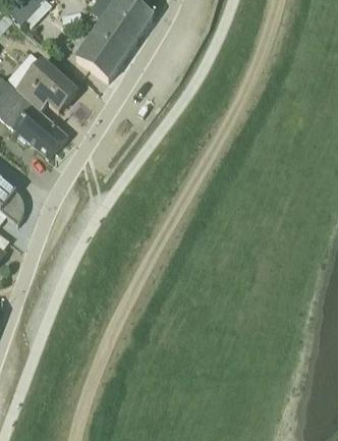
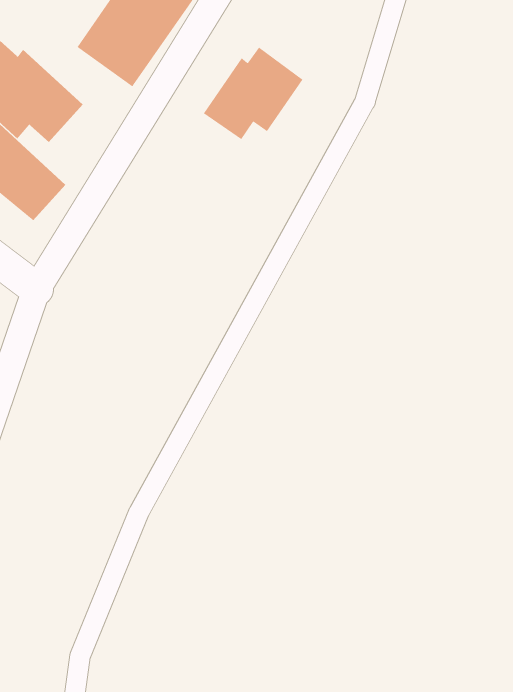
building: none -> [203,46,304,140]

